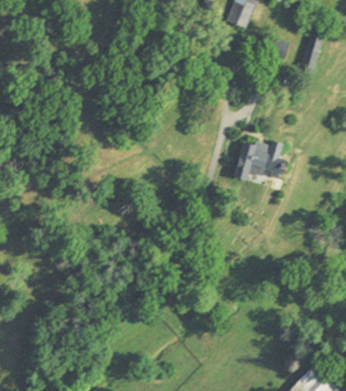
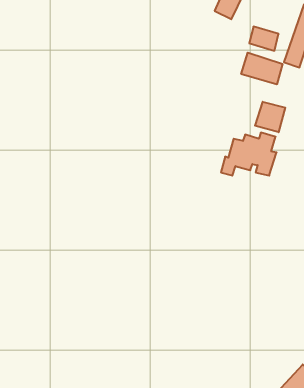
building: none -> [241,53,282,84]
building: none -> [255,102,285,132]

